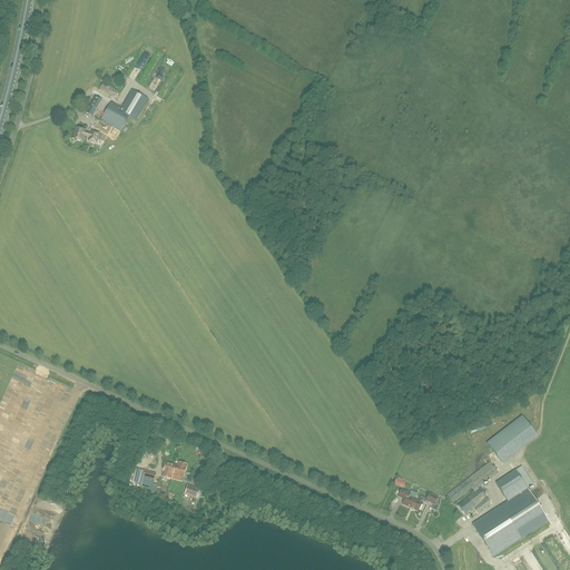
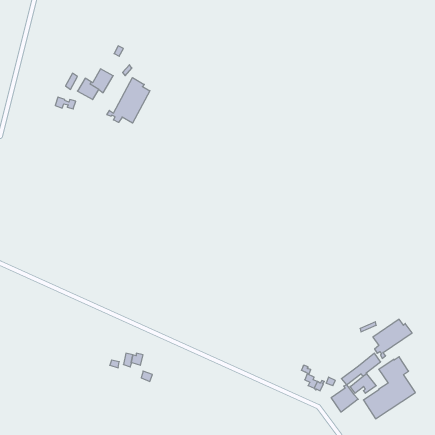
building: none -> [107,78,150,123]
building: none -> [331,385,358,412]

